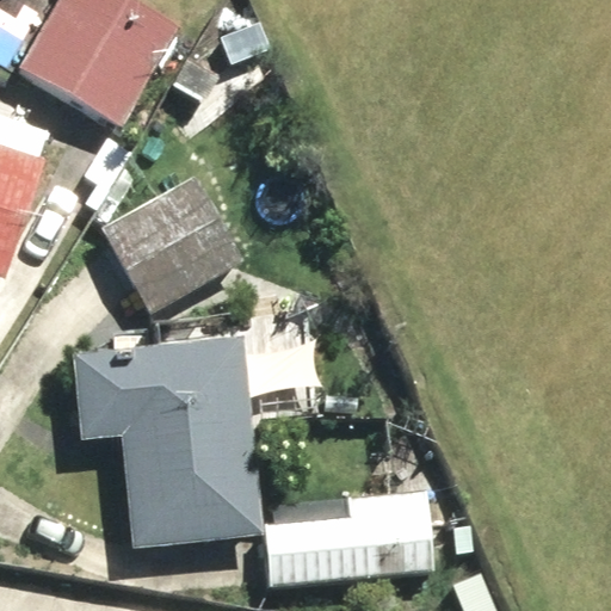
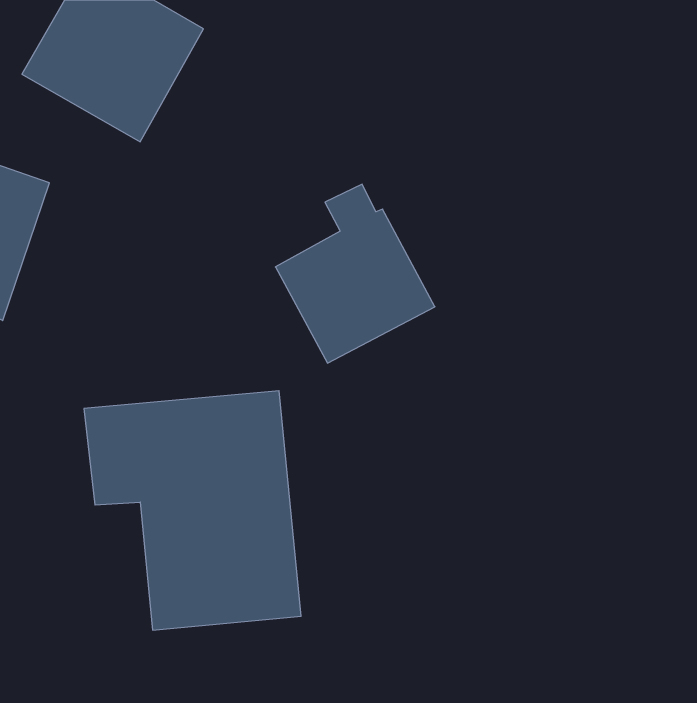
building: [103,155,241,310] -> [275,184,435,363]
building: [269,492,432,581] -> none

